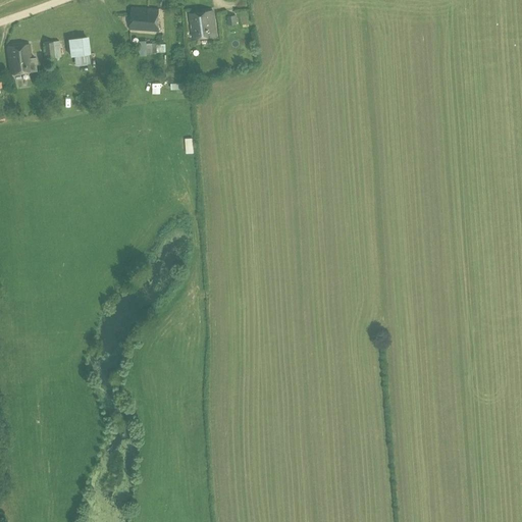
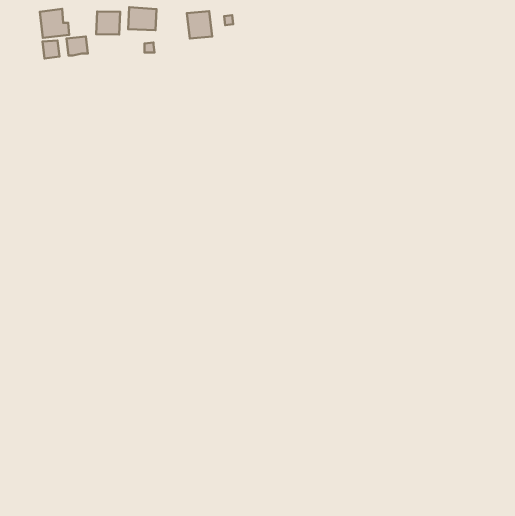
building: none -> [96,11,120,35]
building: [6,44,36,73] -> [40,9,69,38]

